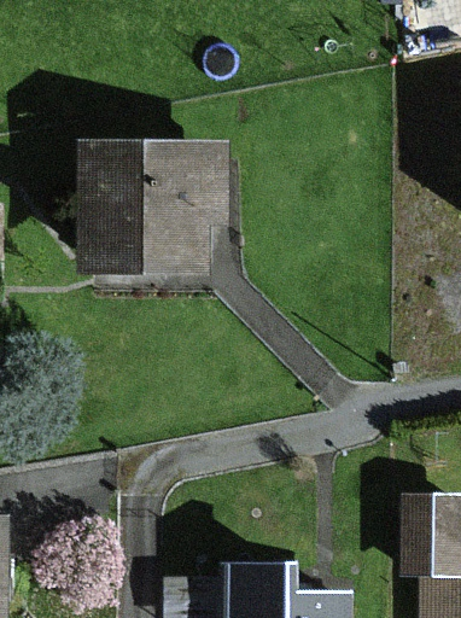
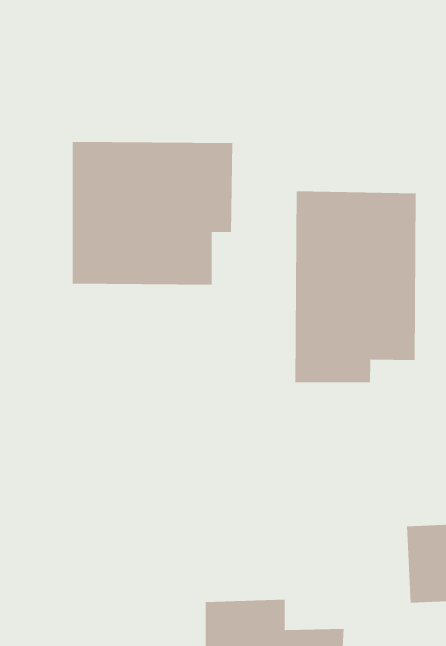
building: none -> [295,190,416,383]

